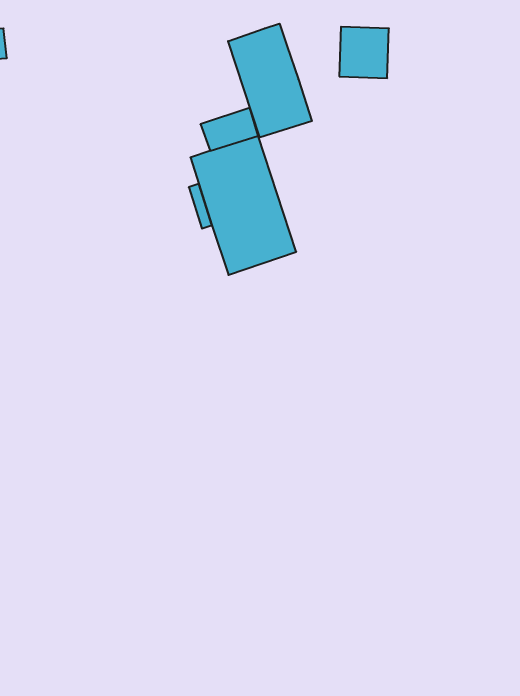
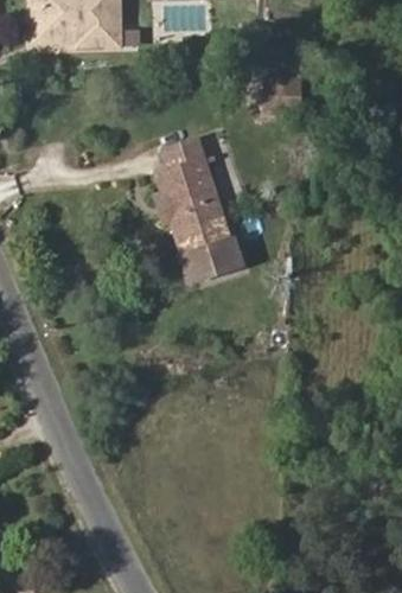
building: [228,24,312,138] -> none
building: none -> [176,237,247,293]

